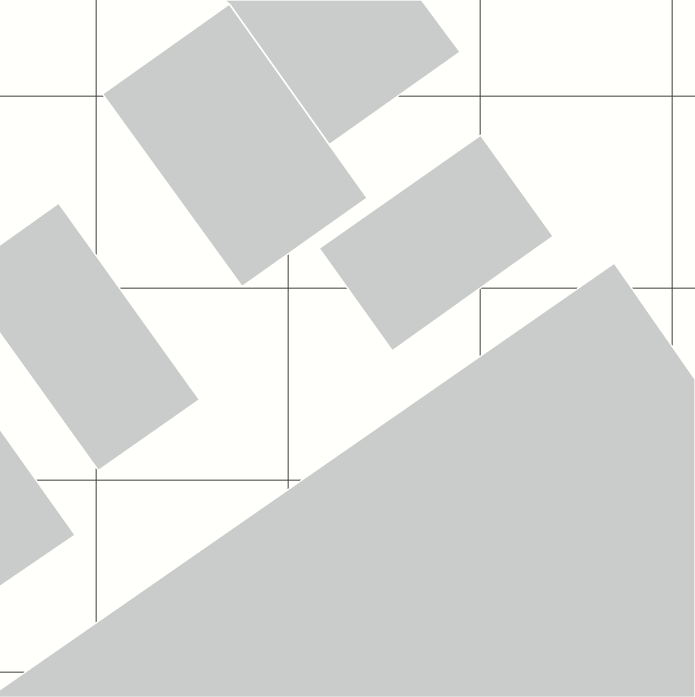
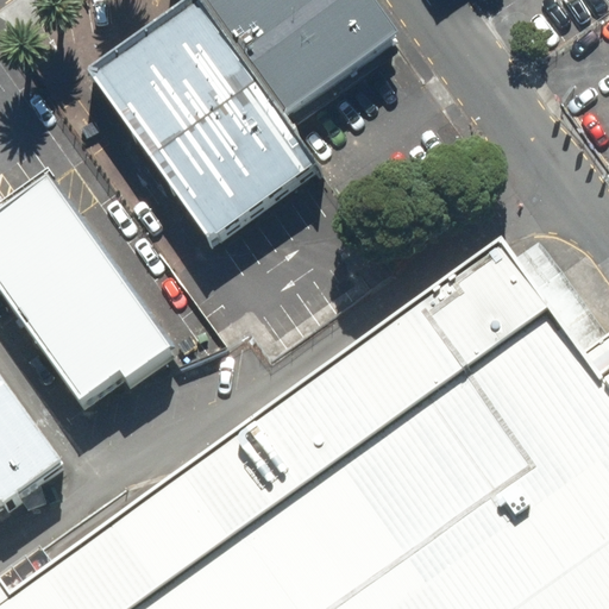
building: [319,135,553,351] -> none

